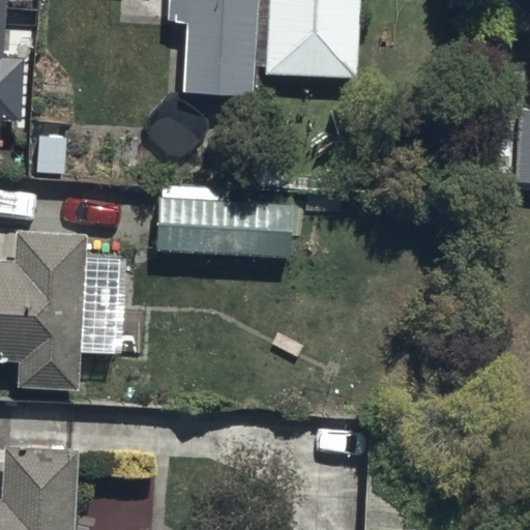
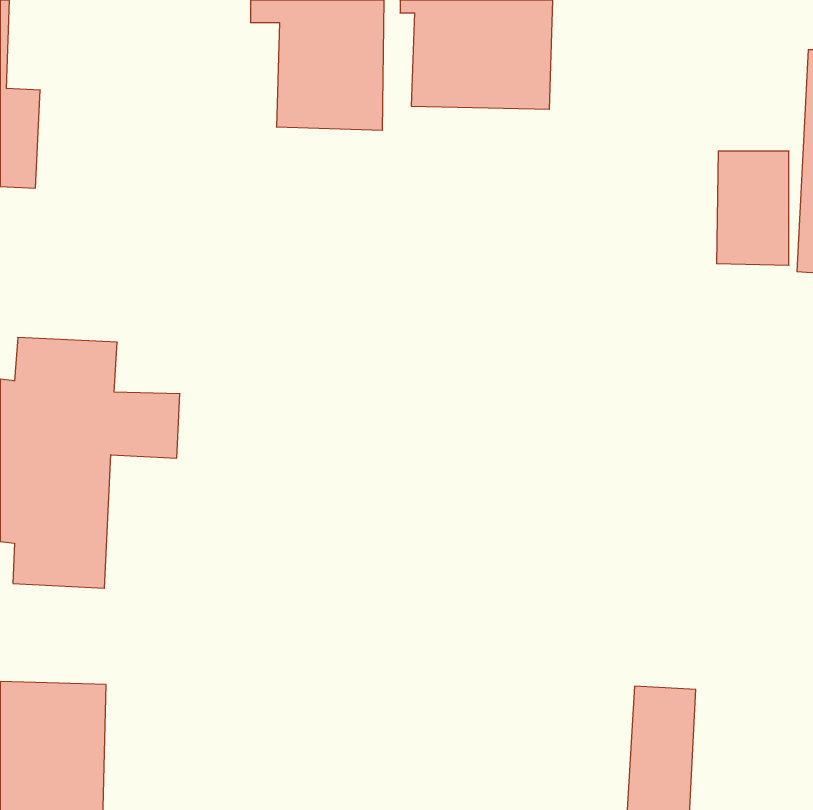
building: [155,186,279,255] -> none

